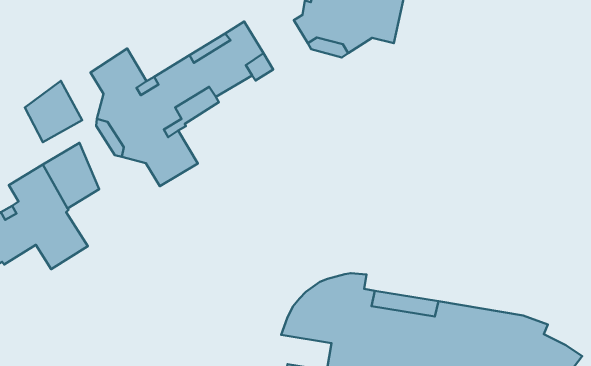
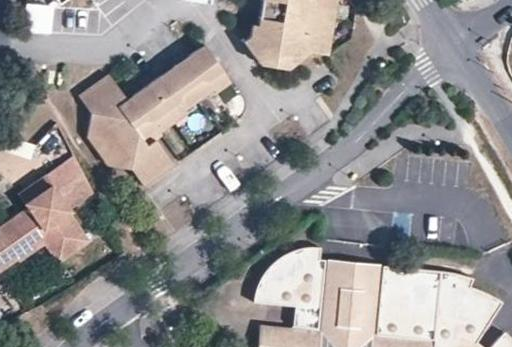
building: [25,81,82,142] -> none

